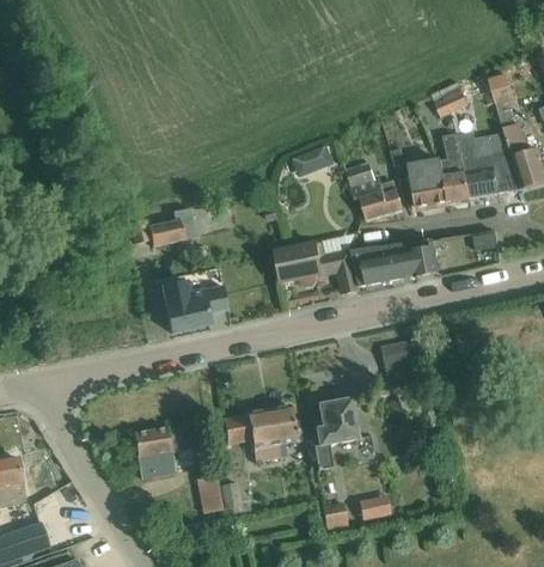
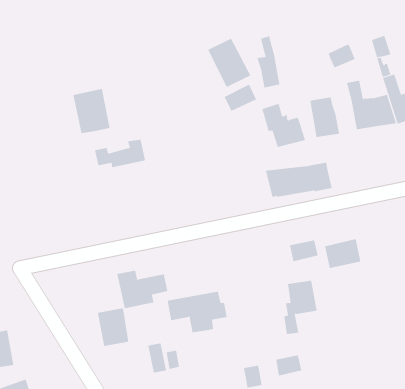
building: none -> [208,38,251,89]
building: [438,134,469,202] -> [256,36,280,88]
building: none -> [73,88,110,134]
building: [276,245,359,294] -> none
building: [160,282,227,333] -> [117,270,168,309]
building: none -> [324,238,362,269]
building: [313,400,357,470] -> [283,280,317,335]

